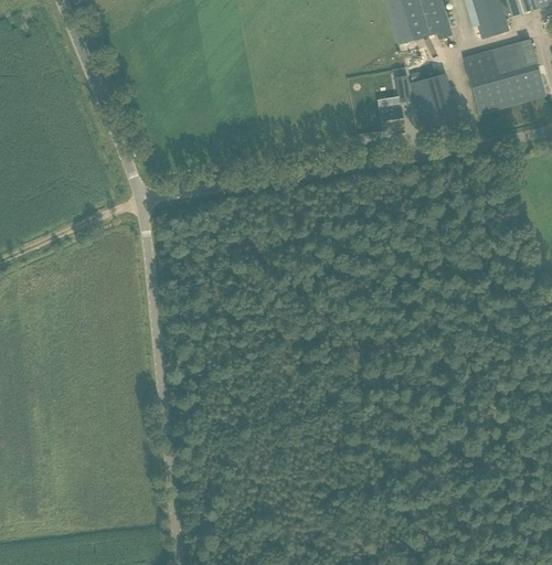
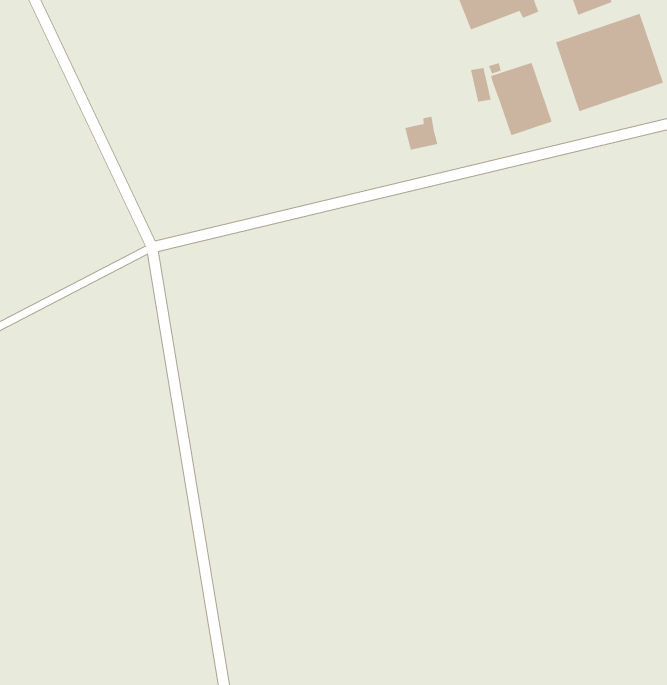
building: [379,105,404,130] -> [405,116,438,150]

